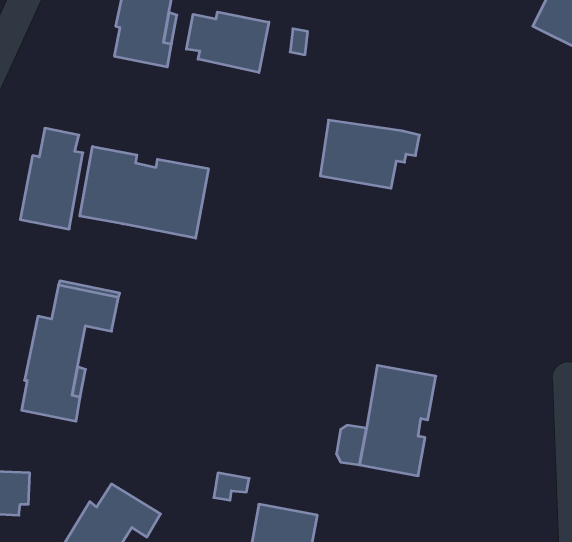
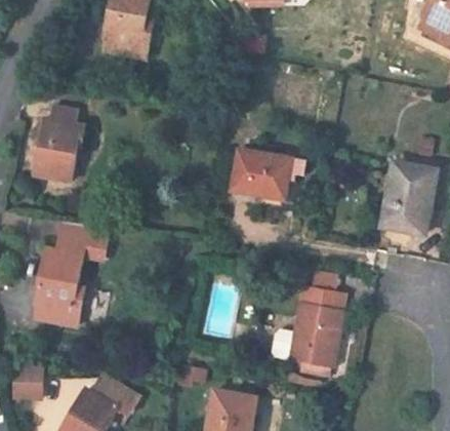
building: [186,12,269,73] -> none
building: [320,120,420,188] -> [232,150,306,201]
building: [80,146,208,238] -> none
building: none -> [382,163,437,235]

